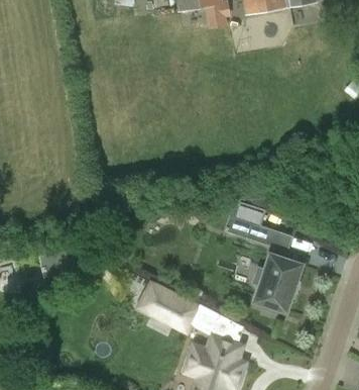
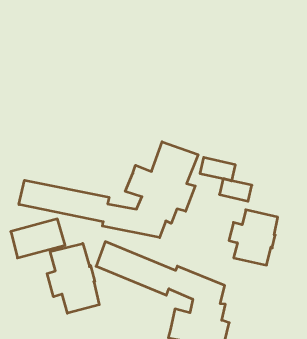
building: none -> [19,142,198,238]
building: none -> [47,243,99,313]

